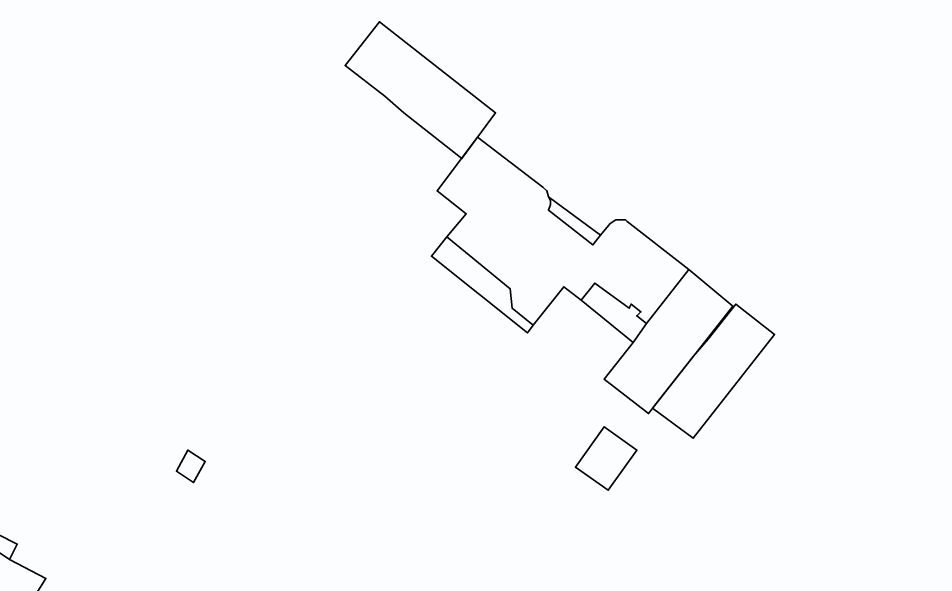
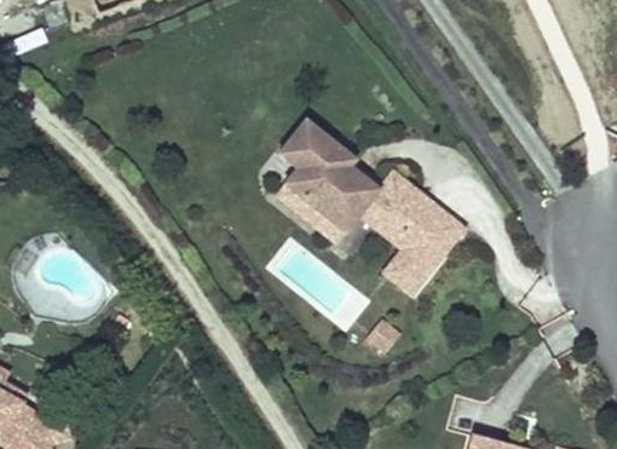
building: [345,22,495,158] -> none
building: [653,304,774,438] -> none

